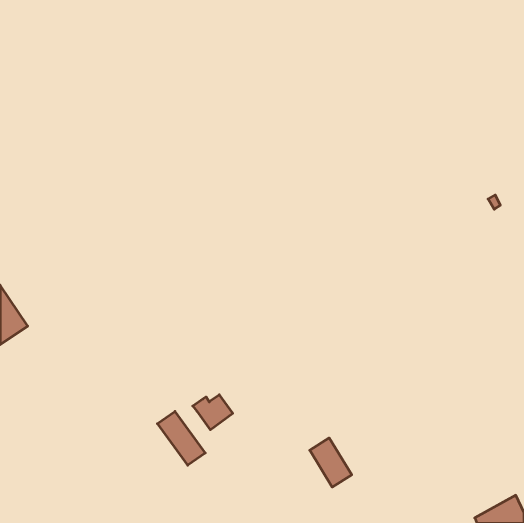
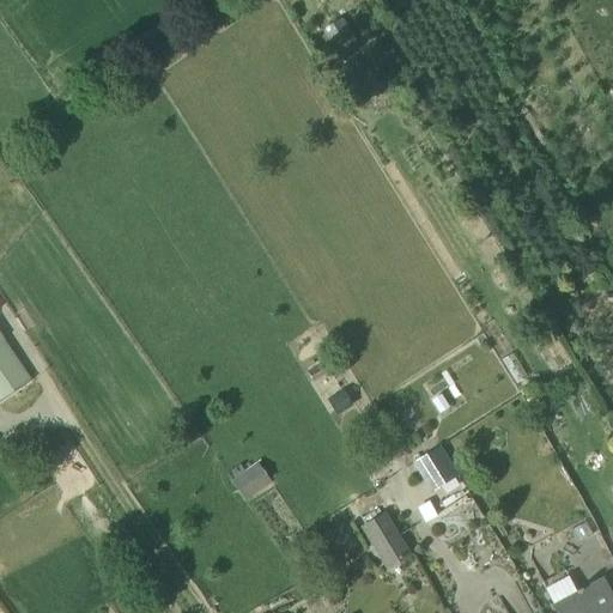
building: none -> [413,447,459,493]
building: [157,411,205,465] -> none

